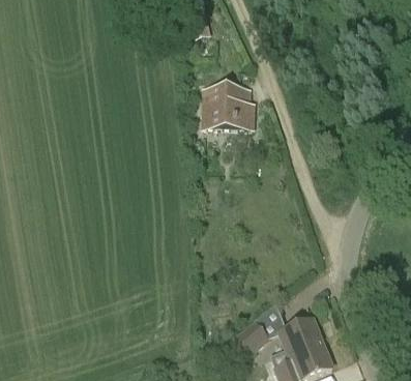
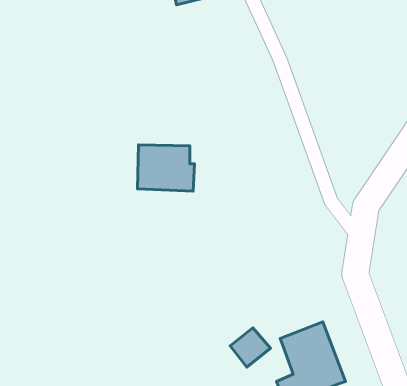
building: [203,86,253,126] -> [137,145,195,191]

